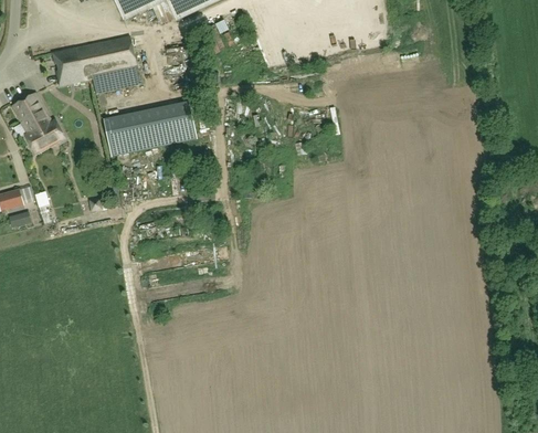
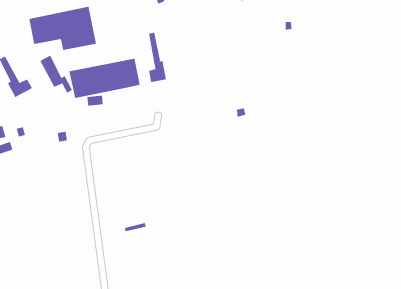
building: none -> [149,32,167,83]
building: [21,93,64,142] -> [39,55,73,93]

